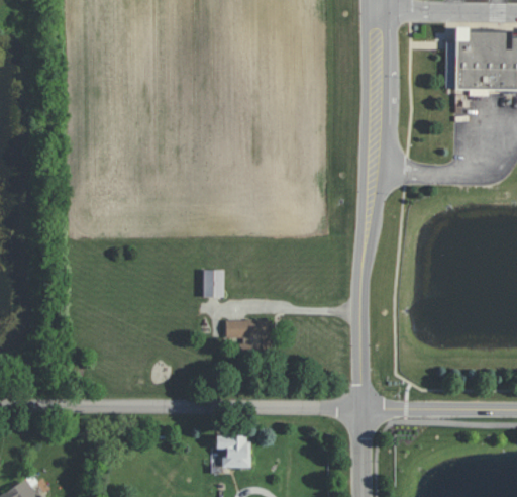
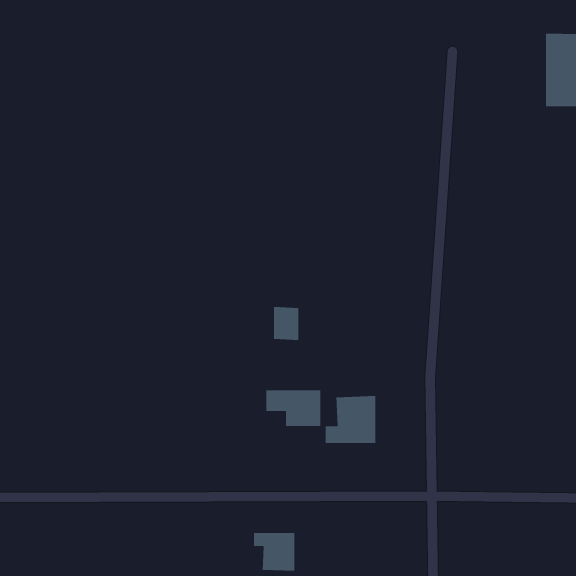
building: [203,270,224,298] -> [273,306,299,341]
building: none -> [325,395,376,444]

